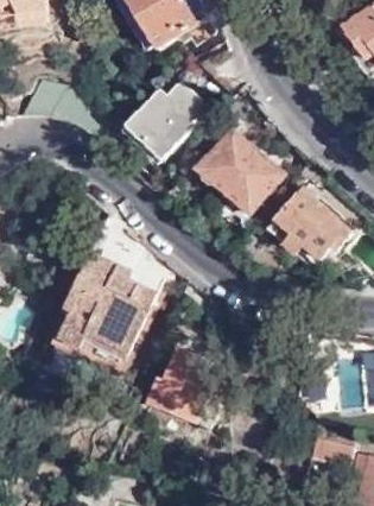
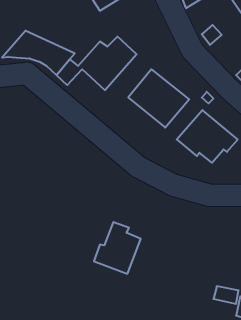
building: [59,254,158,356] -> none

